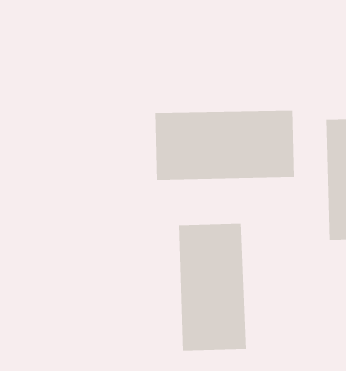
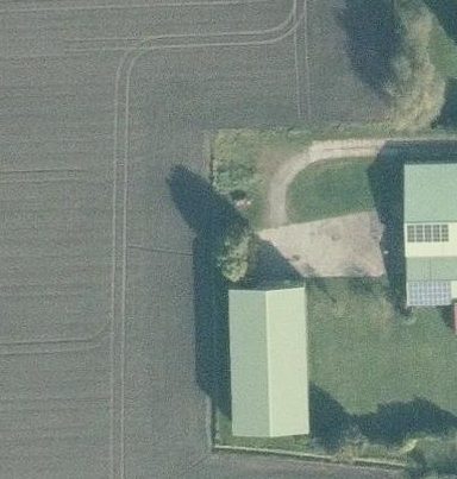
building: [155,110,294,181] -> none

